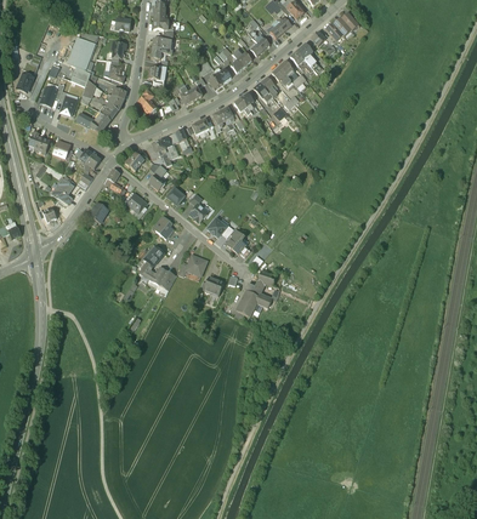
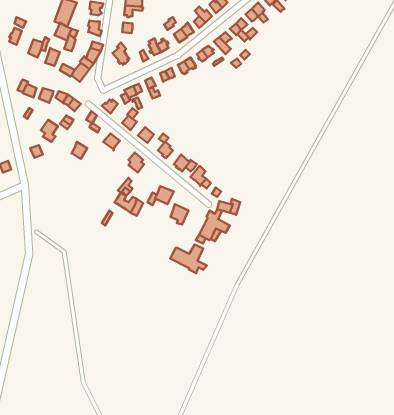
building: none -> [170,245,207,273]

